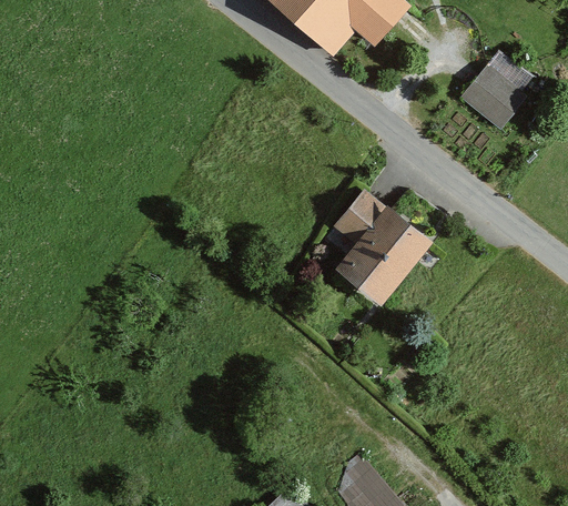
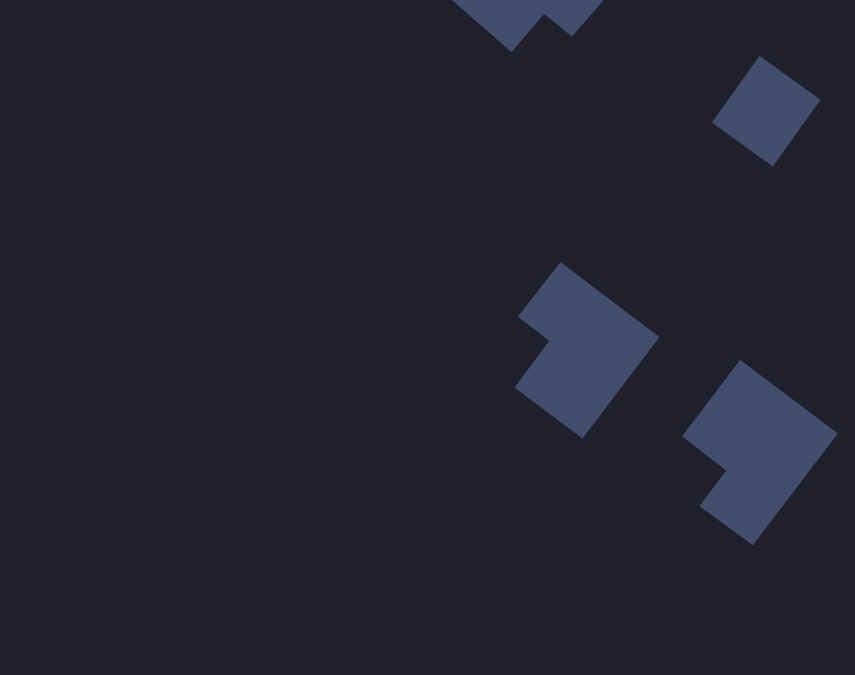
building: none -> [681,359,839,546]

